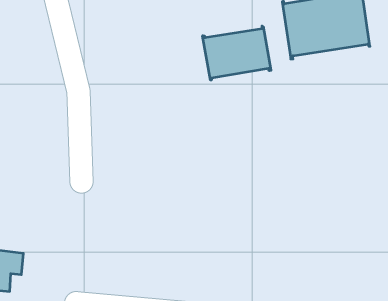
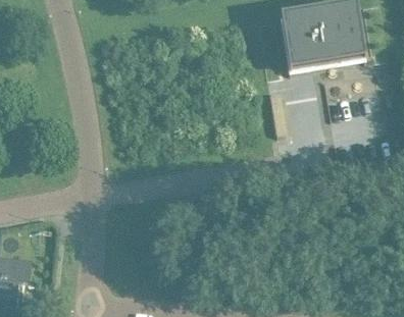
building: [203,26,271,80] -> none

